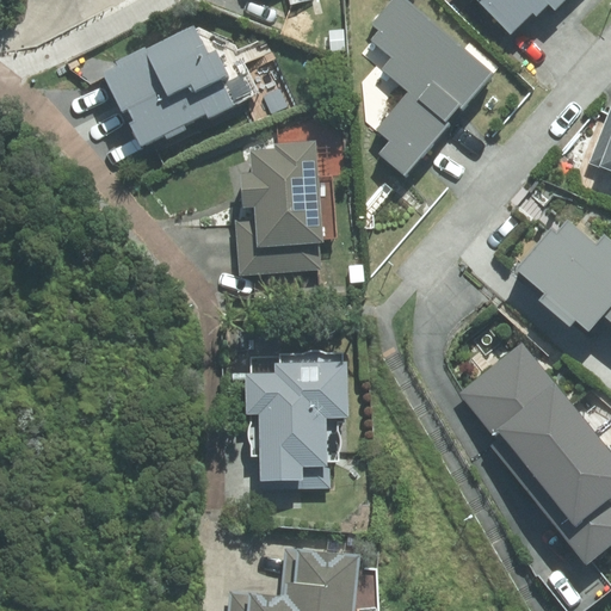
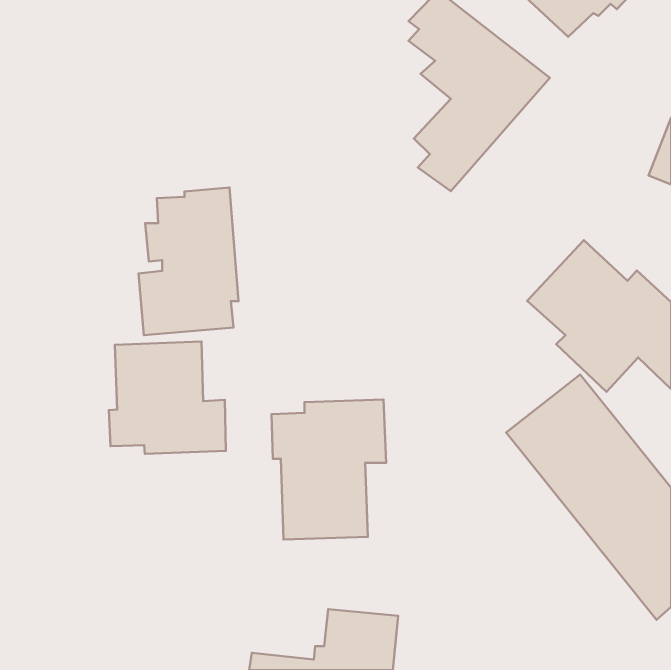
building: [103,25,233,147] -> none
building: [235,141,326,274] -> [138,188,239,335]
building: none -> [109,342,226,454]

